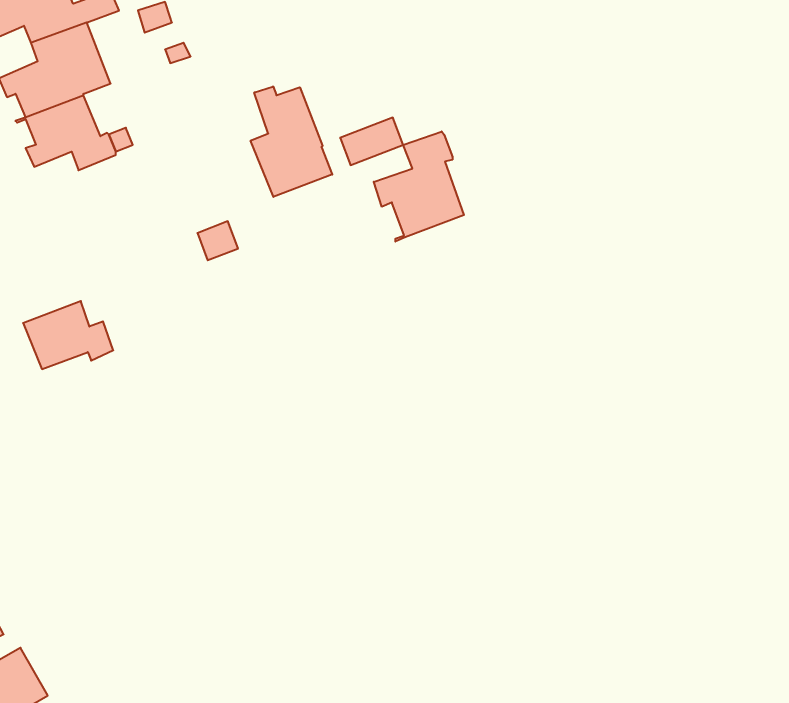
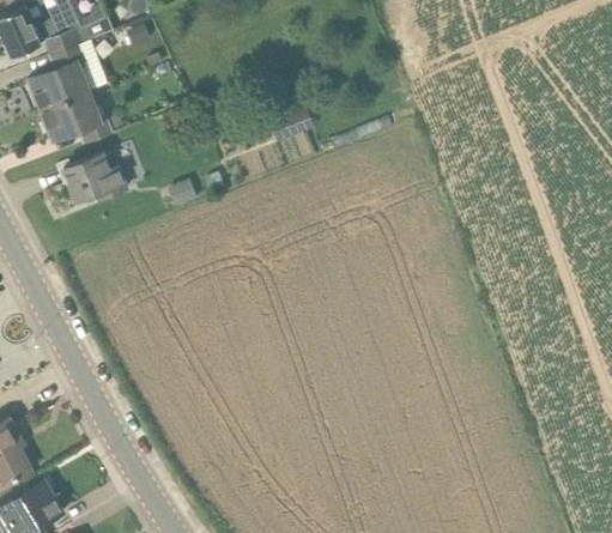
building: [251,86,332,197] -> none
building: [374,131,464,242] -> none
building: [23,301,113,369] -> [61,153,125,201]

